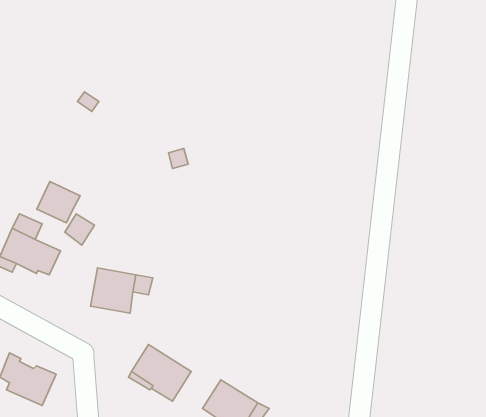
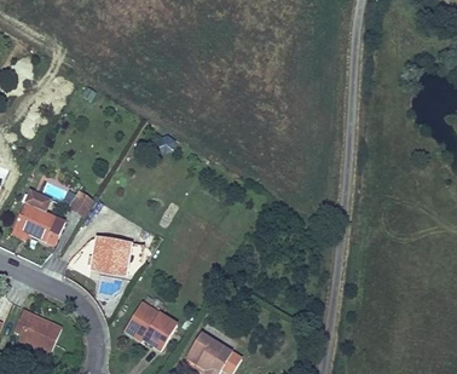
building: [37,182,80,223] -> none

